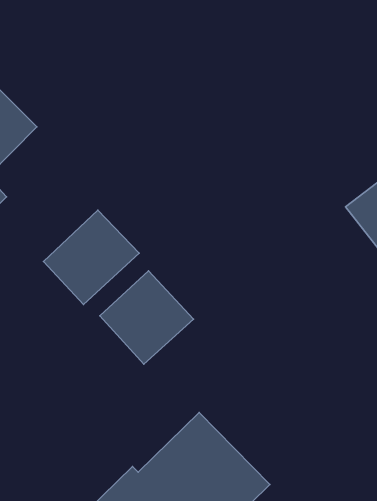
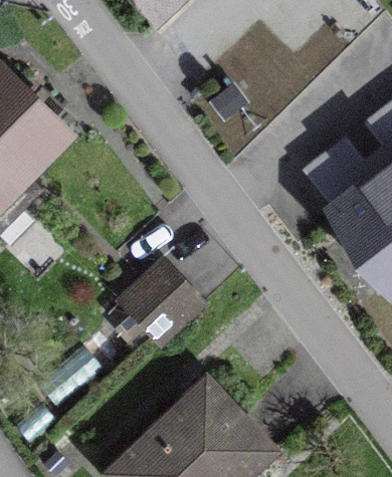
building: [44,210,139,305] -> none

